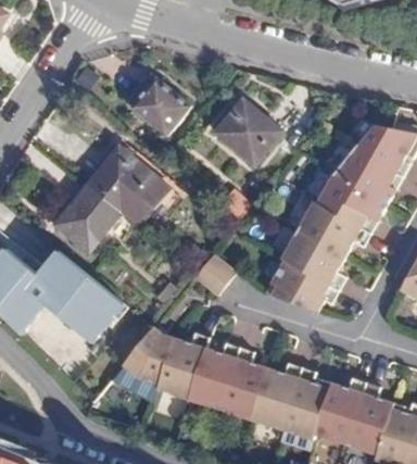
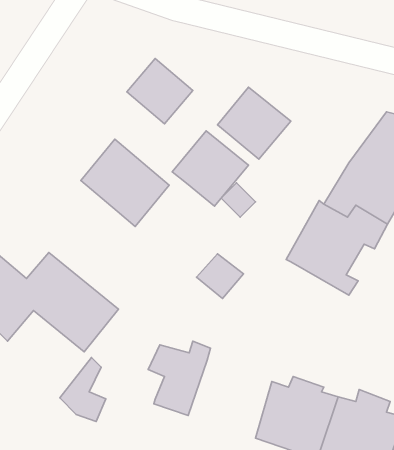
building: none -> [172,131,248,206]
building: [55,185,123,252] -> none
building: [264,260,336,311] -> none
building: [124,327,166,386] -> [60,358,106,421]
building: [188,346,265,422] -> none

